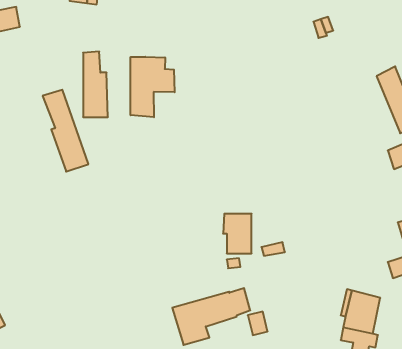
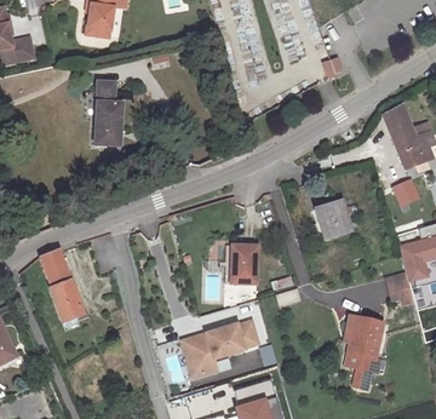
building: [131,57,175,117] -> none
building: [43,90,88,172] -> [39,247,84,327]
building: none -> [314,197,350,235]

